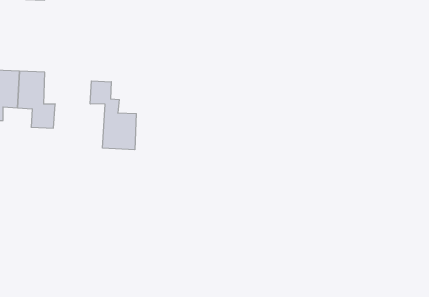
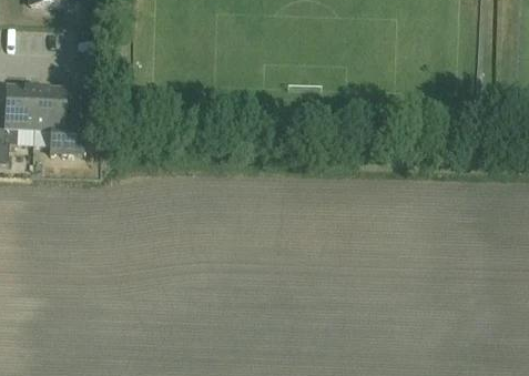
building: [90,81,136,150] -> none

